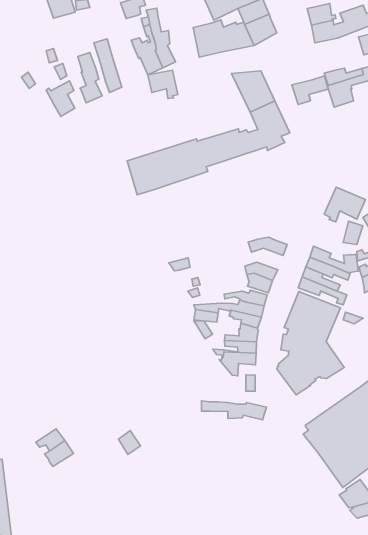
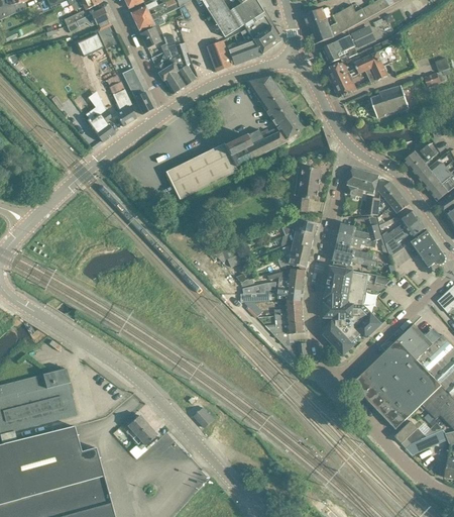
building: [148,70,178,99] -> none
building: [292,76,328,104] -> [322,35,354,64]
building: none -> [294,167,322,212]
building: none -> [281,230,315,247]
building: [202,401,267,420] -> none

